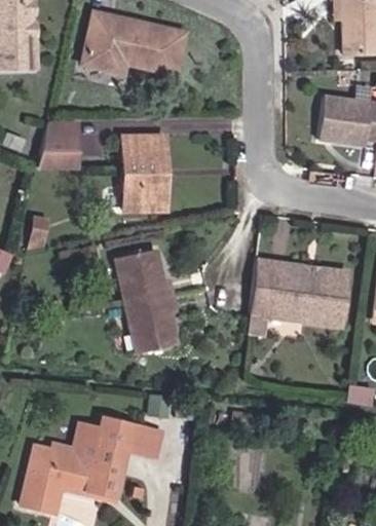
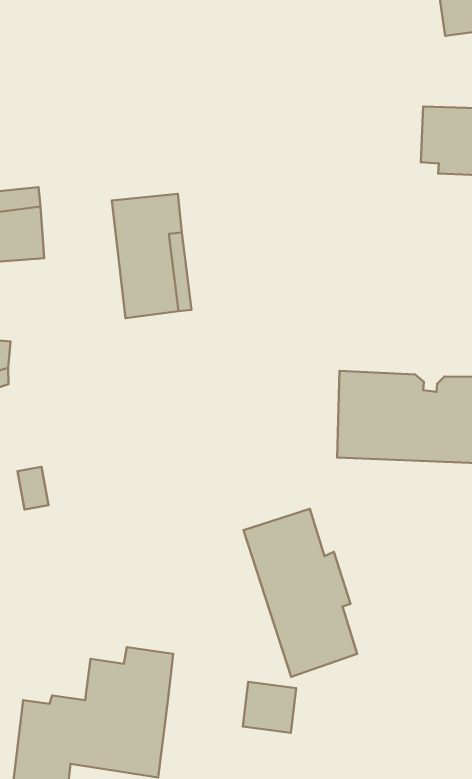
building: [82,11,184,74] -> none
building: [113,249,177,353] -> [243,509,357,677]
building: [125,425,161,460] -> [243,682,296,733]

